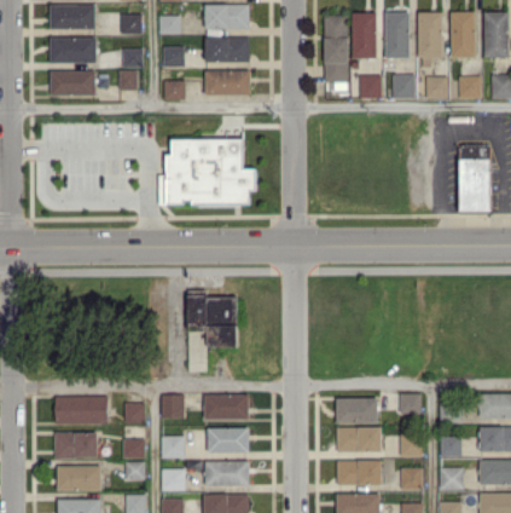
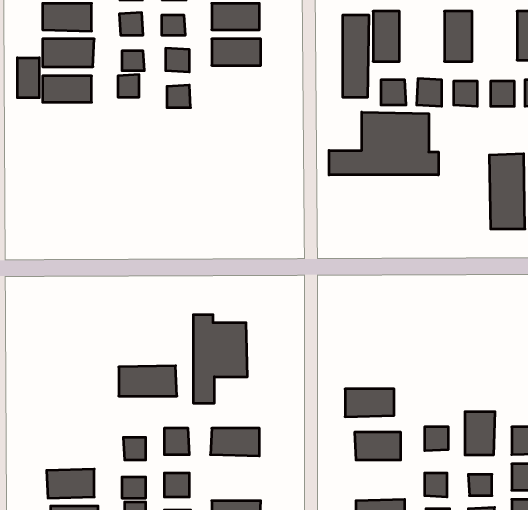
building: [385,12,411,58] -> none
building: [451,12,476,57] -> none
building: none -> [17,58,39,98]
building: [205,70,251,96] -> none
building: none -> [329,112,438,175]
building: [159,139,257,207] -> none
building: none -> [465,412,495,455]
building: [56,396,109,423] -> [119,366,177,396]
building: [337,427,382,453] -> [345,389,394,417]
building: [208,428,249,453] -> none

